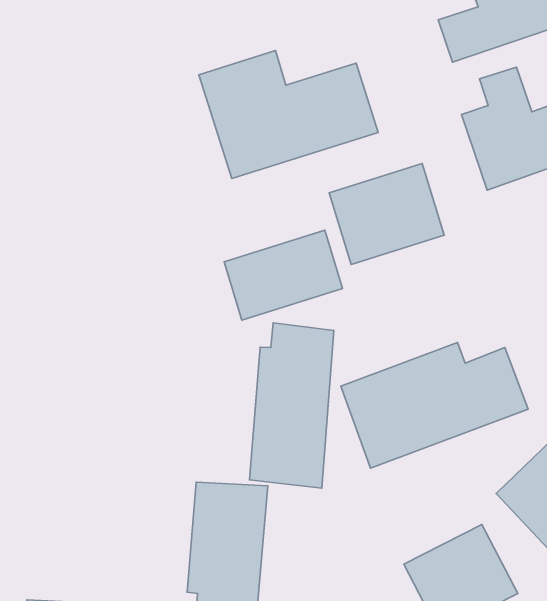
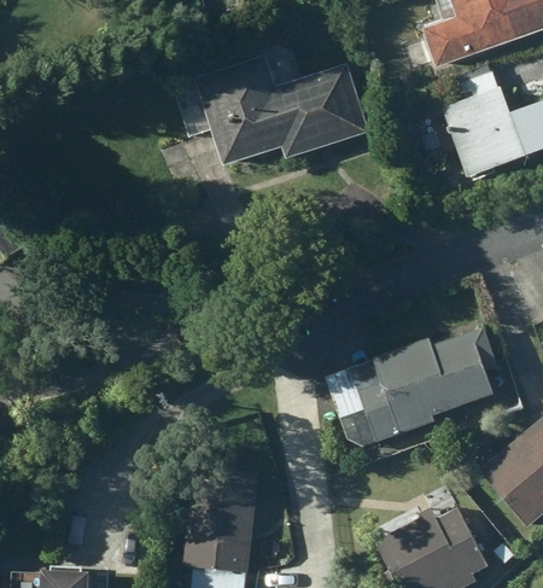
building: [329,163,444,265] -> none
building: [224,230,342,320] -> none
building: [249,323,334,488] -> none

